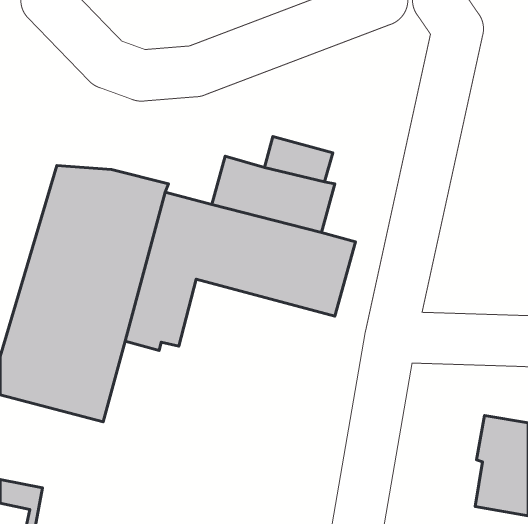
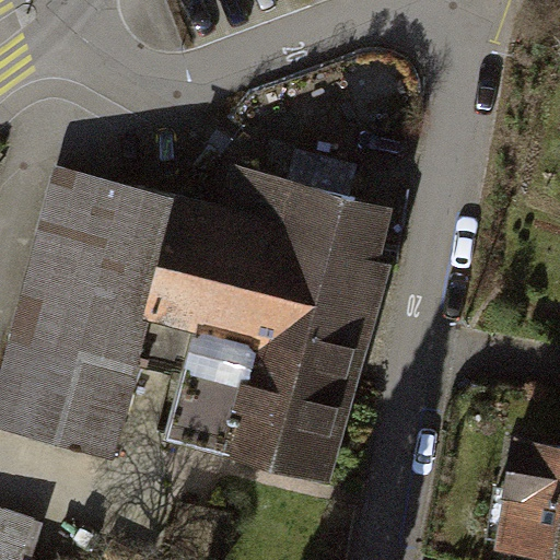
building: none -> [170,300,354,479]

